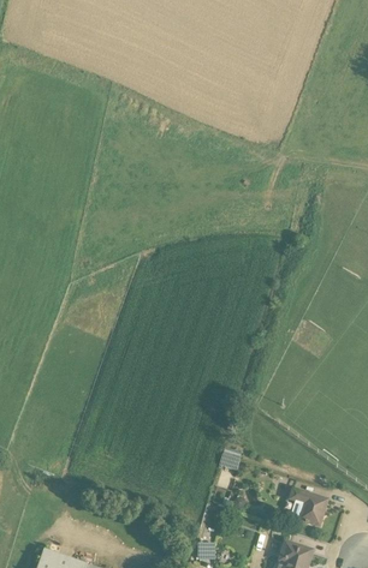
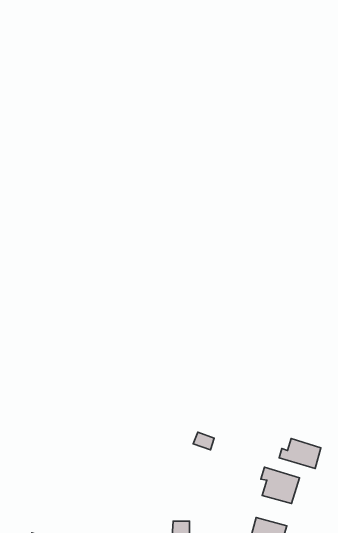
building: none -> [279,439,321,469]

